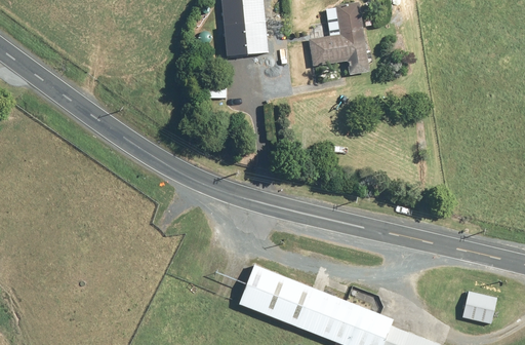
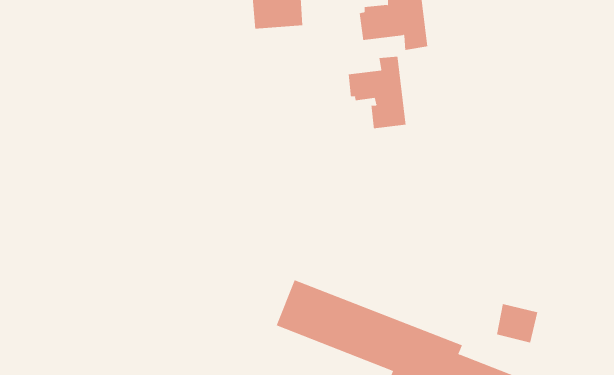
building: none -> [348,56,406,129]
building: [461,291,496,323] -> [496,303,538,343]

